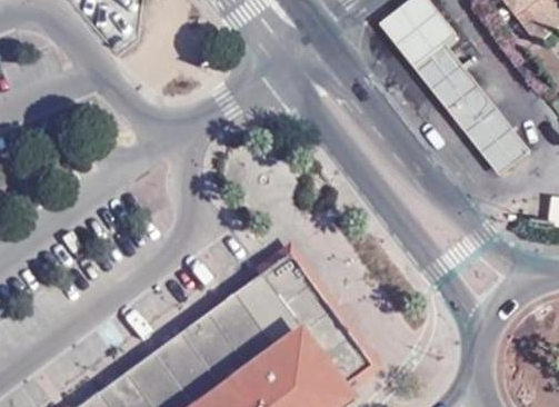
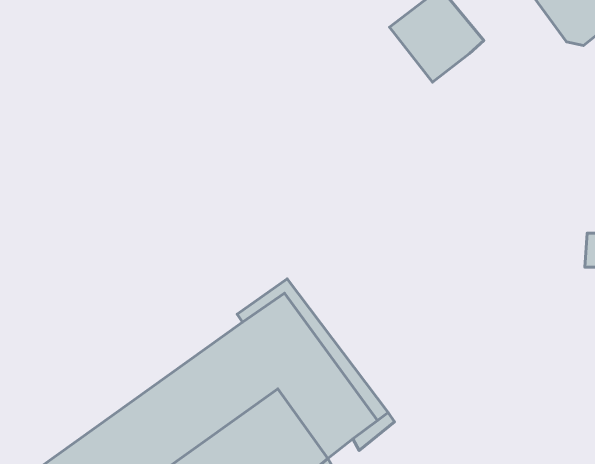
building: [418,50,532,179] -> none

